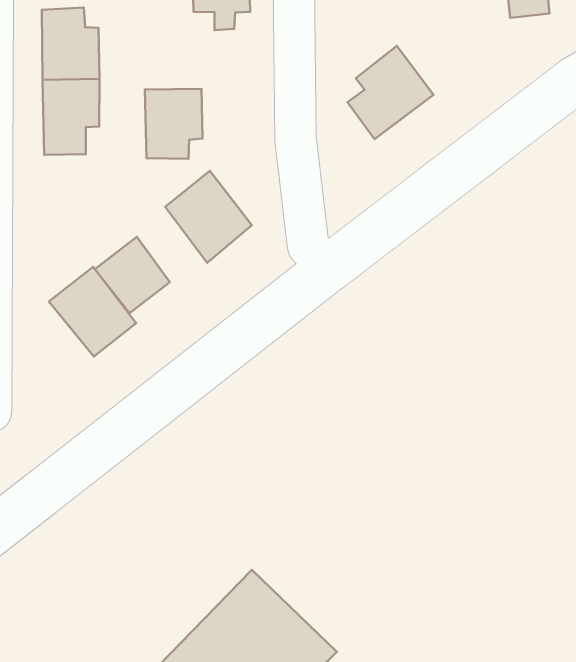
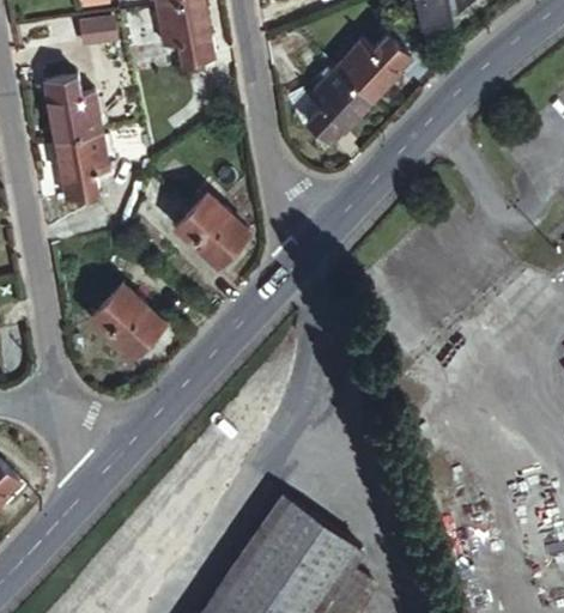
building: none -> [336,32,414,101]
building: [145,89,203,159] -> none
building: [95,237,170,313] -> none

